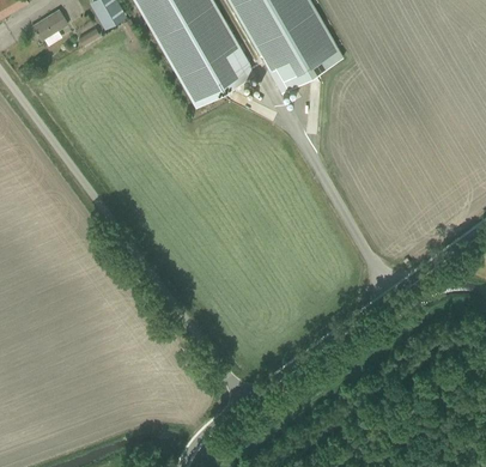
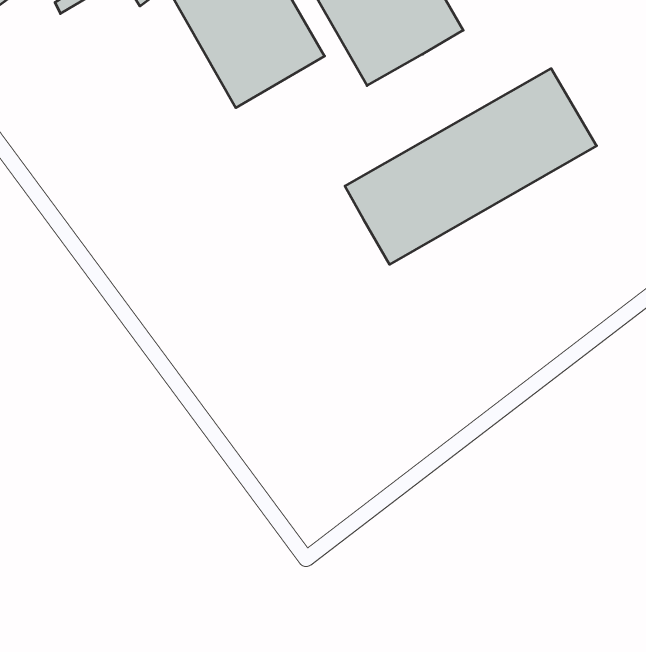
building: none -> [345,69,597,264]

